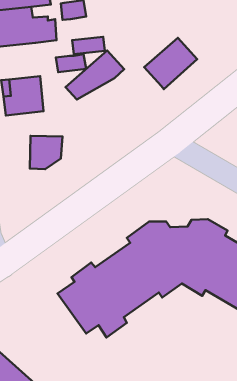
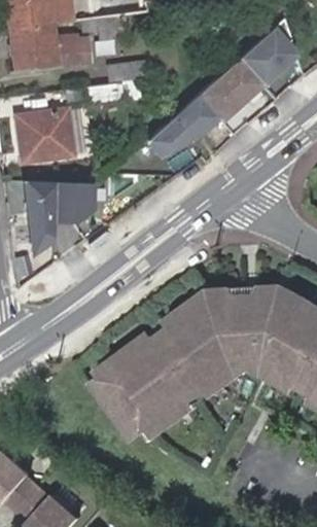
building: none -> [240,28,298,87]
building: [65,50,124,99] -> [145,98,219,160]
building: none -> [22,182,55,260]

